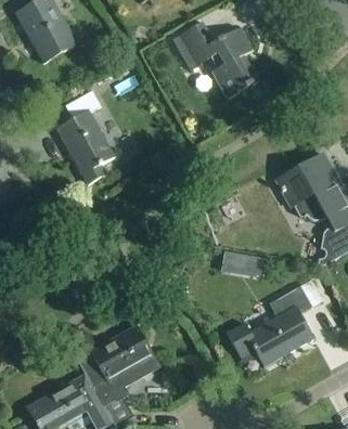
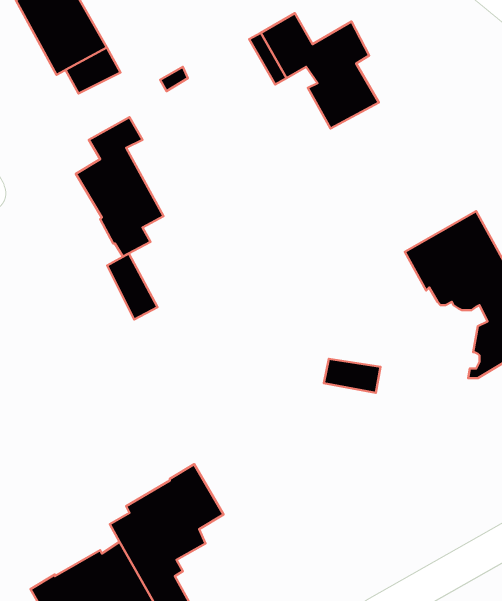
building: none -> [66,47,121,93]
building: none -> [107,253,157,320]
building: [227,286,314,367] -> none

